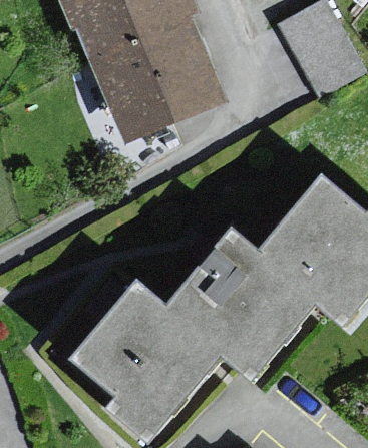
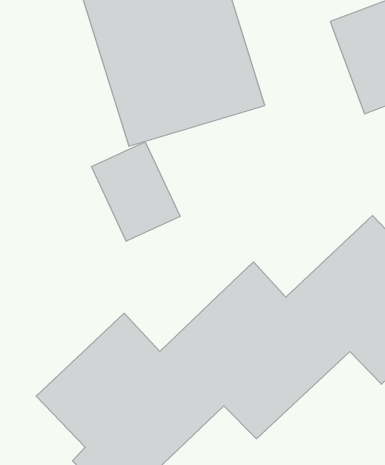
building: none -> [91,142,180,241]

